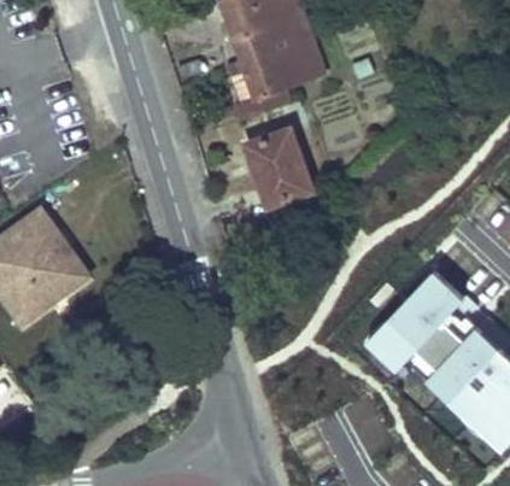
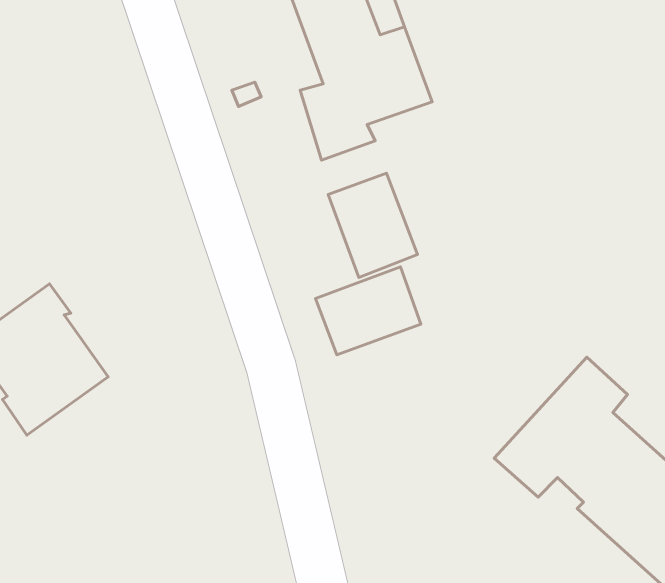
building: none -> [315,267,421,355]

